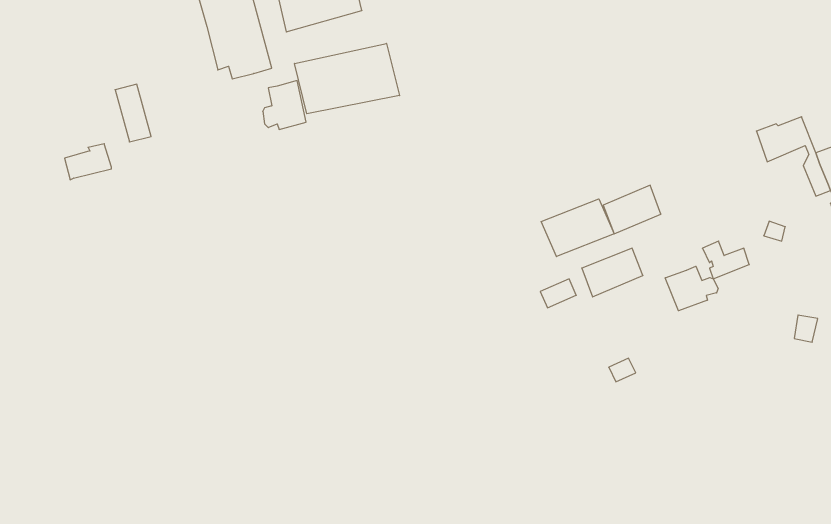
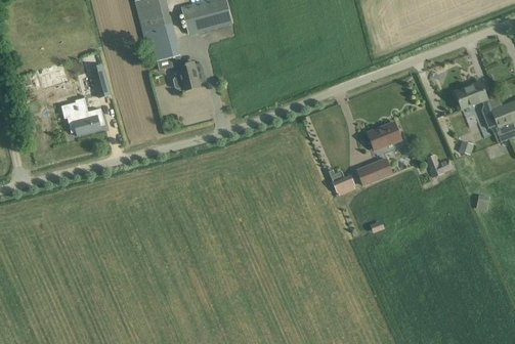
building: [295,43,400,114] -> none
building: none -> [67,109,104,136]
building: [541,199,614,257] -> none
building: [665,266,718,311] -> none

